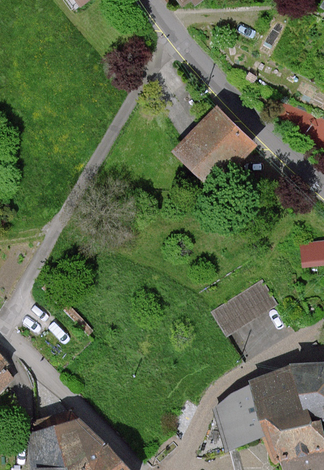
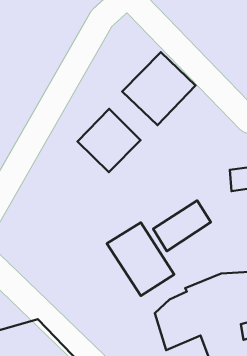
building: none -> [77,109,141,172]
building: none -> [107,222,174,296]

